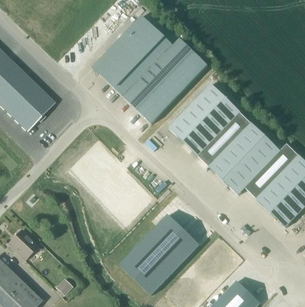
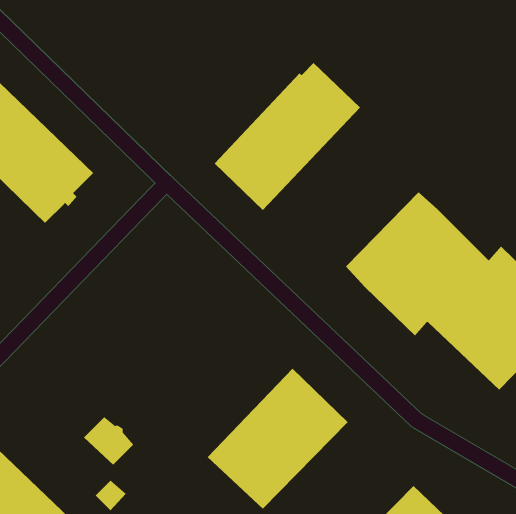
building: [92,14,172,96] -> none
building: [169,83,240,155] -> none
building: [8,230,37,258] -> [83,416,134,465]

